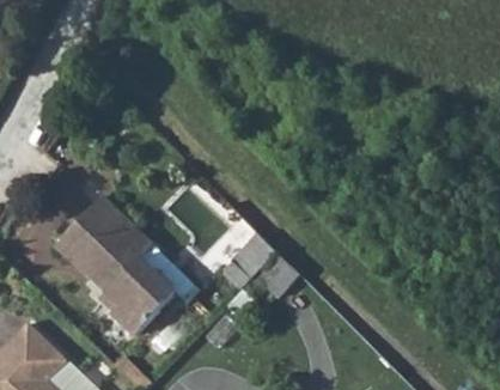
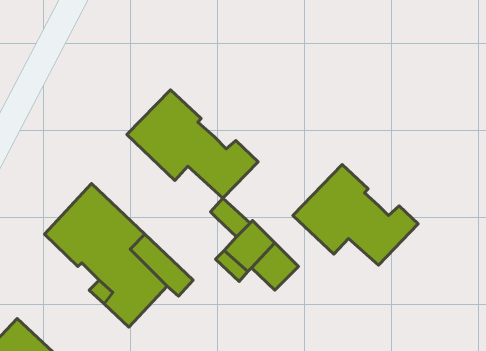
building: none -> [127,90,258,198]
building: none -> [293,165,418,265]

